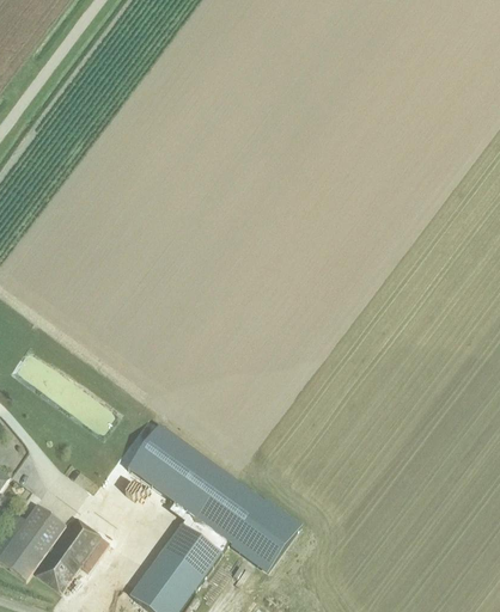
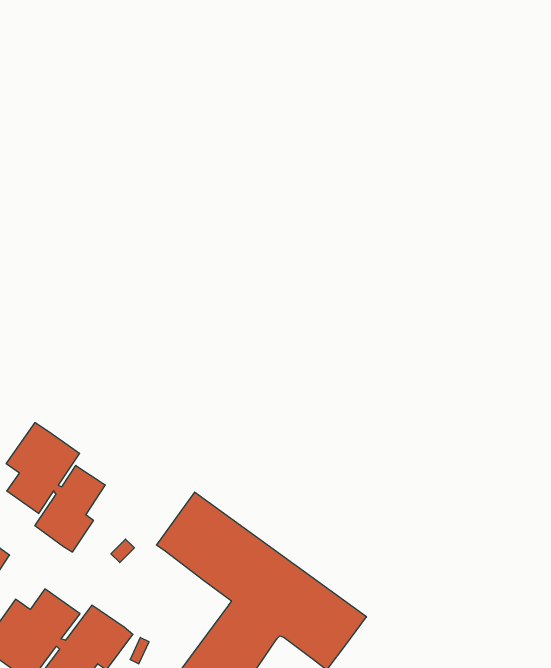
building: none -> [6,423,105,552]

